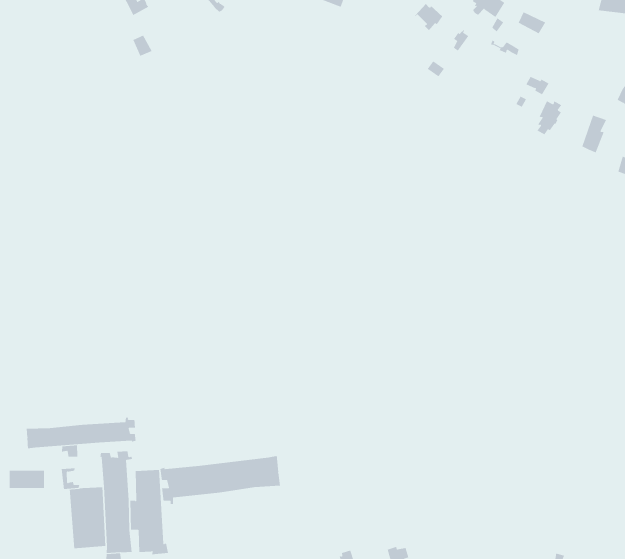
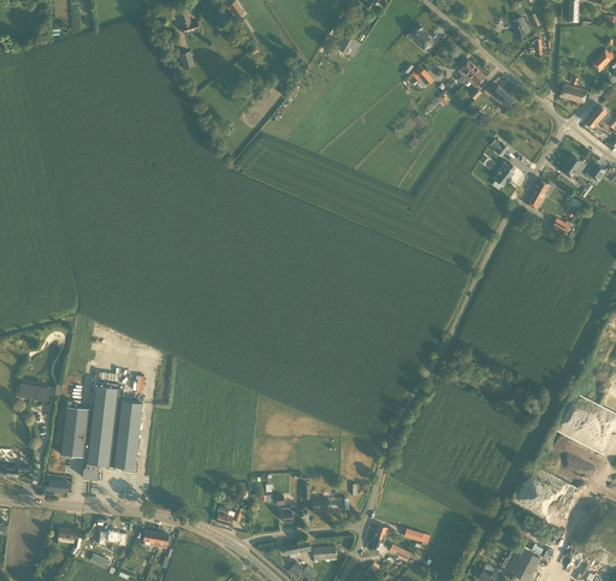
building: [26,417,136,449] -> none
building: [160,455,280,505] -> none

